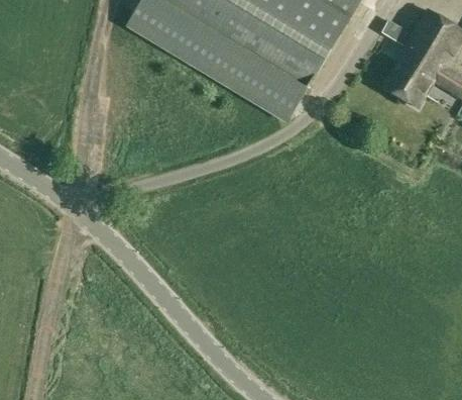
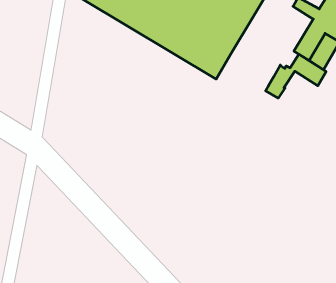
building: none -> [266,54,326,98]

